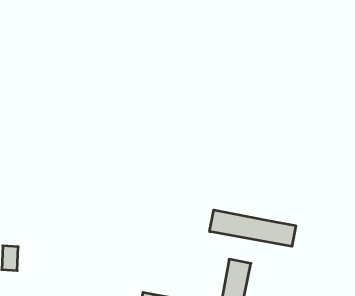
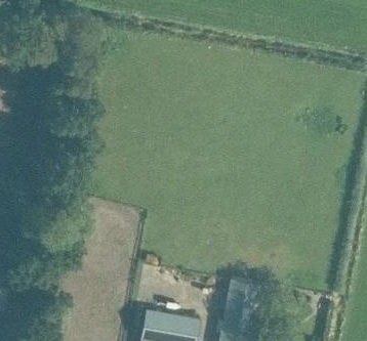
building: [210,210,296,246] -> none

